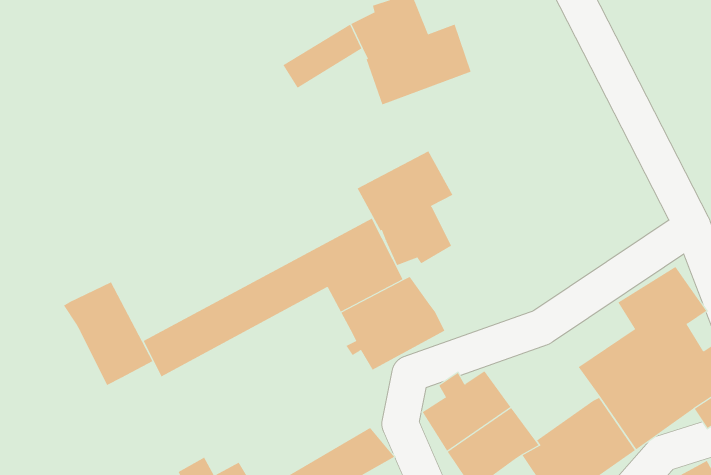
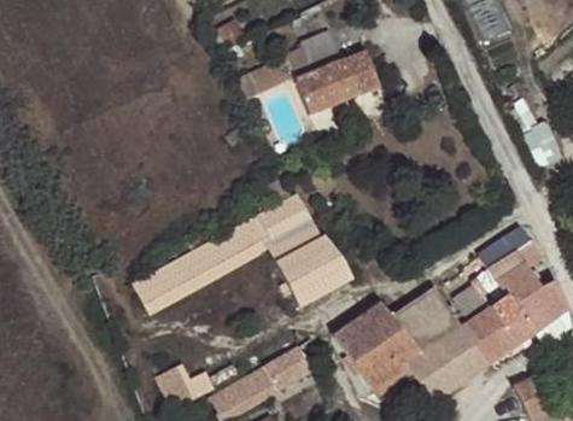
building: [357,150,453,266] -> none
building: [63,282,153,386] -> none
building: none -> [393,288,462,356]

